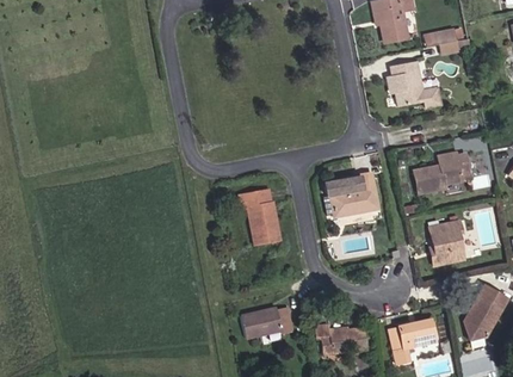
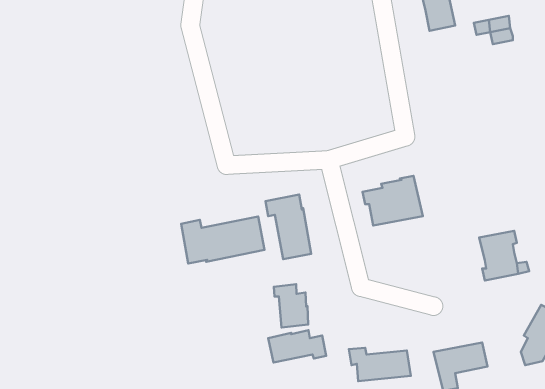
building: [389,61,440,107] -> none
building: [413,154,468,193] -> none
building: none -> [181,217,265,263]
building: none -> [274,284,308,327]

